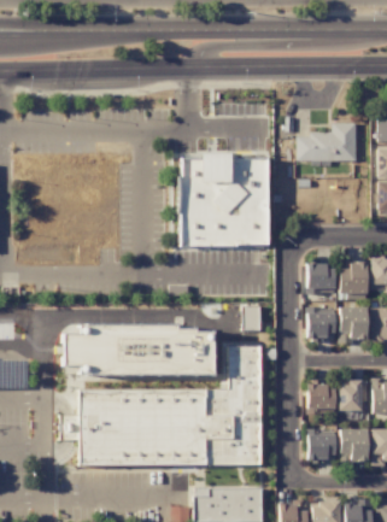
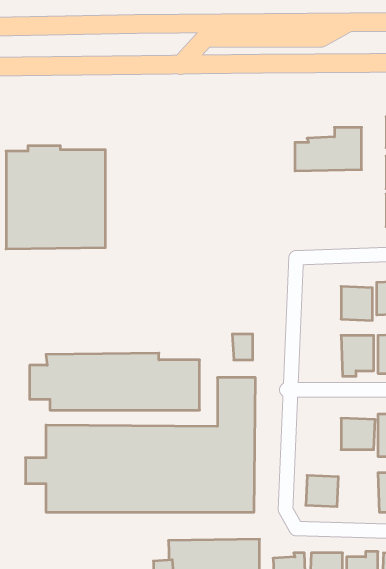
building: [181,154,269,246] -> [6,146,105,249]
building: [307,264,336,293] -> none
building: [309,312,336,338] -> none
building: [309,385,336,409] -> none
building: [341,429,370,467] -> none

